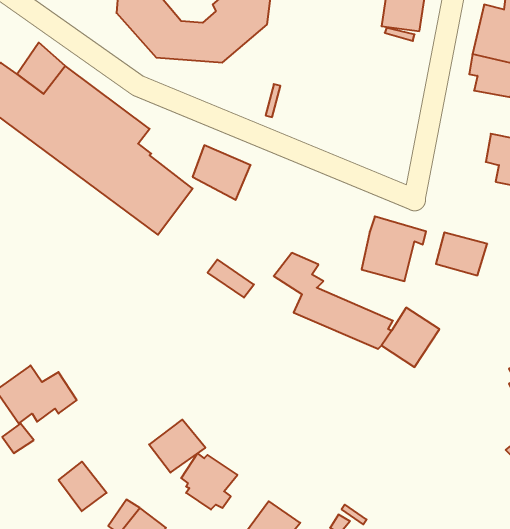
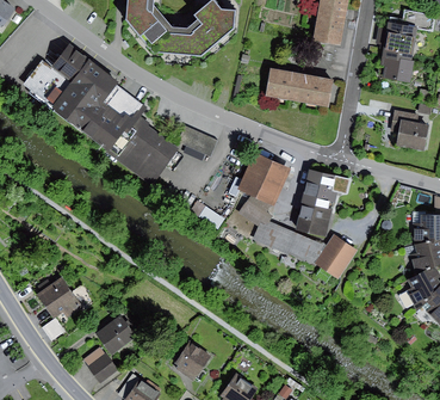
building: none -> [265,61,334,100]
building: none -> [236,153,289,205]
building: [436,232,487,275] -> [295,208,331,239]
building: [149,420,205,473] -> [95,316,136,355]

